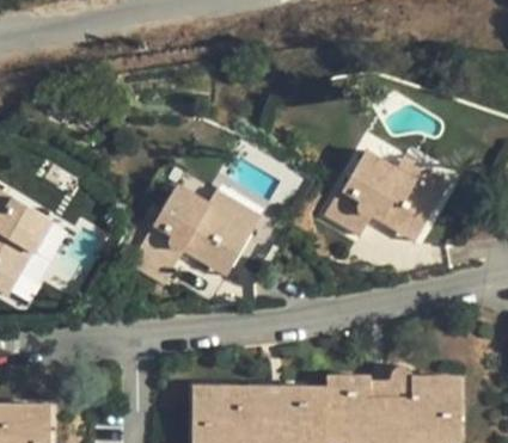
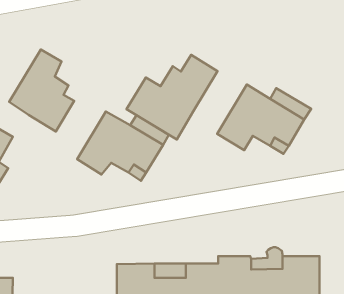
building: none -> [9,49,74,132]
building: none -> [127,55,217,140]

